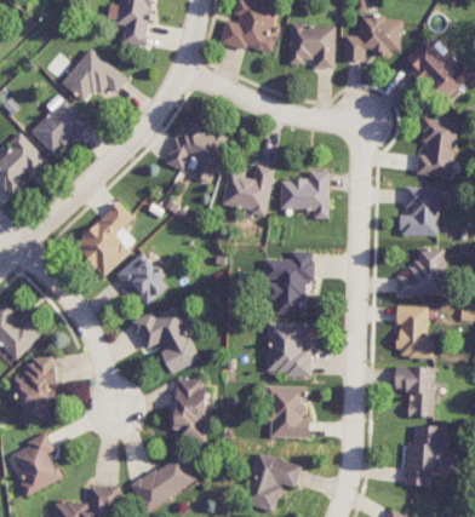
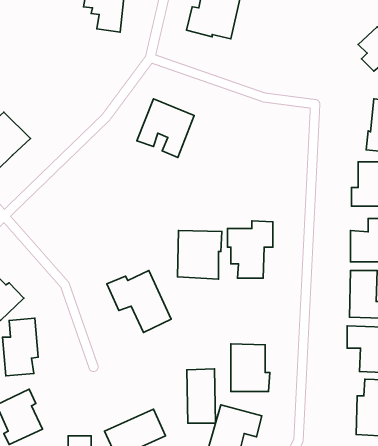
building: [342,16,401,61] -> none
building: [287,24,333,68] -> none
building: [59,47,126,103] -> none
building: [29,97,87,155] -> none
building: [221,163,273,213] -> none
building: [279,171,328,218] -> none
building: [73,201,136,275] -> none
building: [116,252,168,306] -> none
building: [265,322,314,375] -> [178,230,222,279]
building: [173,379,205,438] -> [187,369,216,423]

